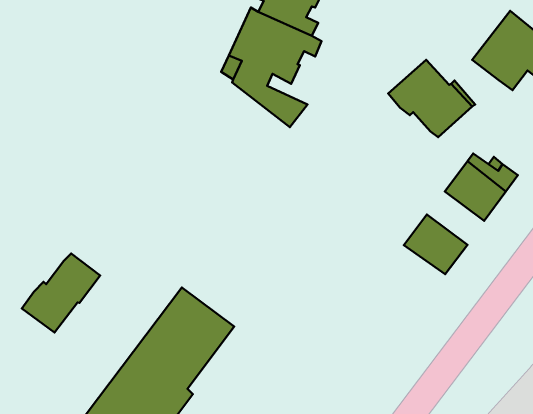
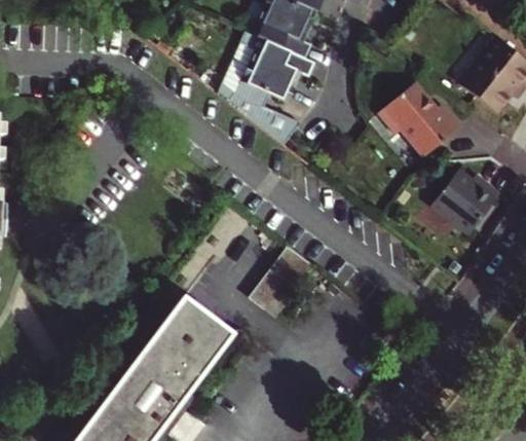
building: [404,214,468,274] -> none
building: none -> [254,242,321,317]
building: [22,254,100,333] -> none

